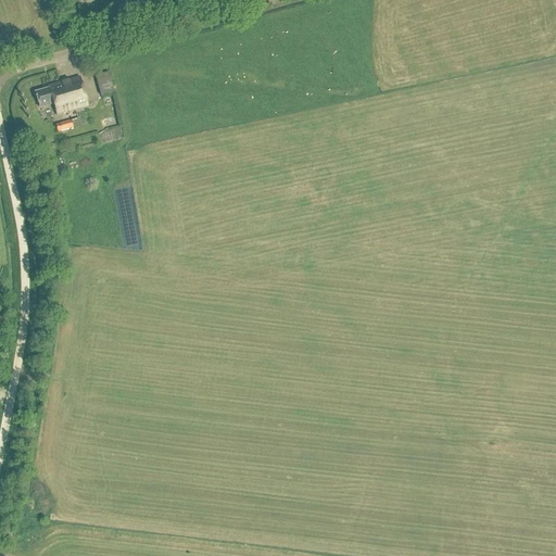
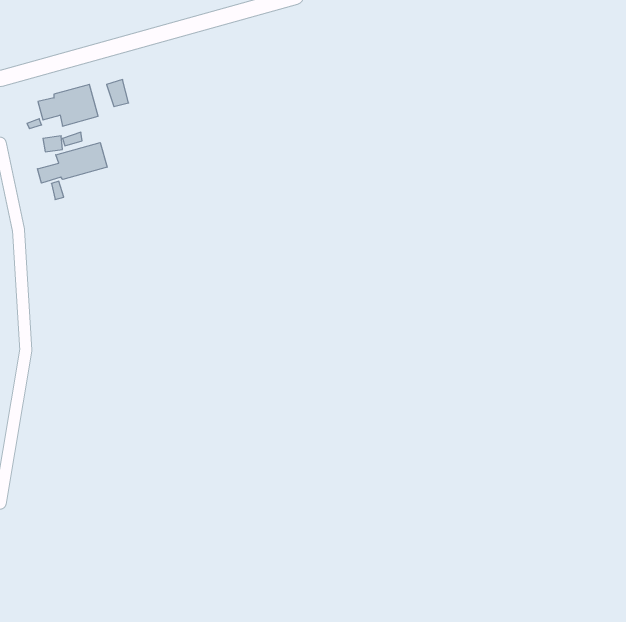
building: none -> [37,143,107,183]

